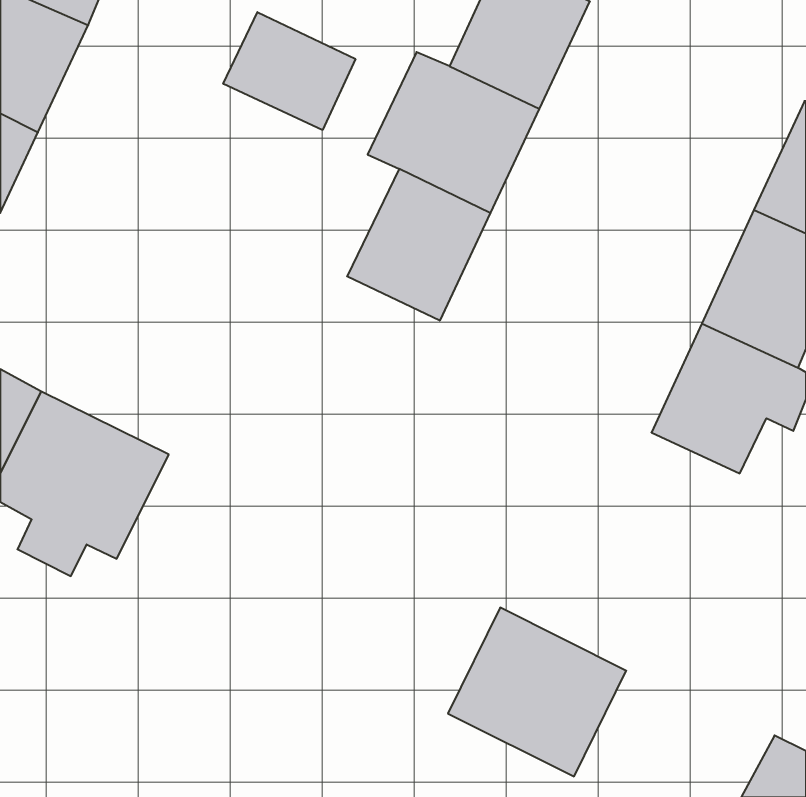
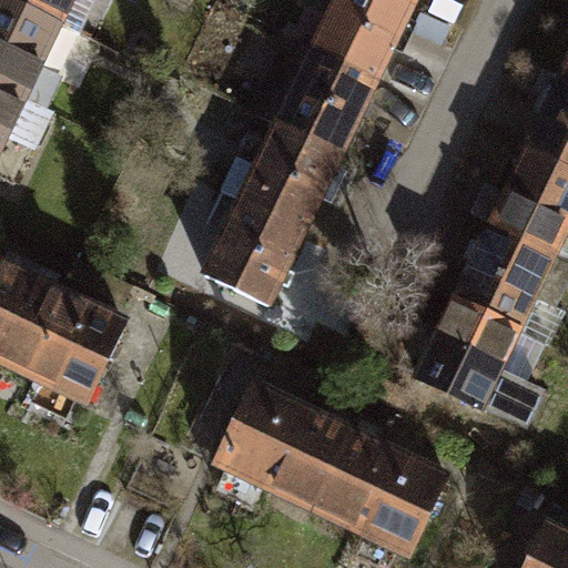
building: [223,12,355,130] -> none
building: none -> [209,194,310,301]
building: none -> [425,304,544,423]
building: none -> [225,383,352,501]

